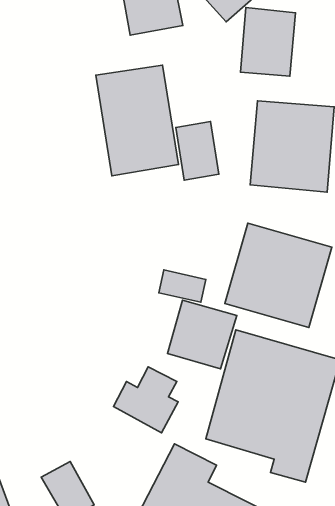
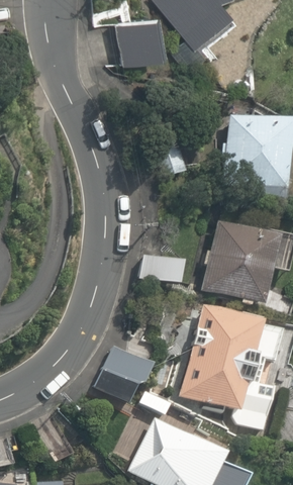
building: [240,7,296,76] -> none
building: [96,65,178,176] -> none
building: [167,300,237,369] -> none

